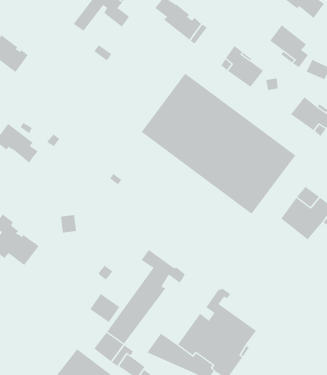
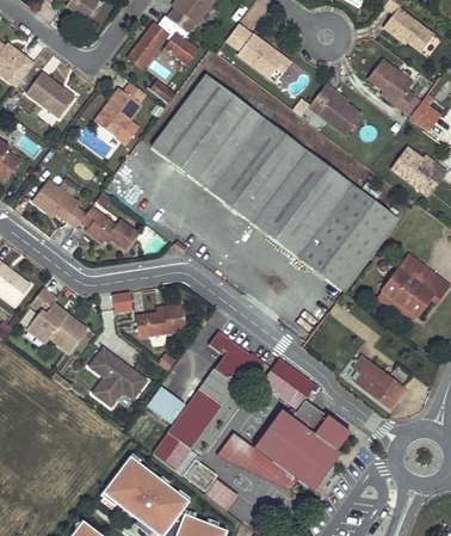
building: none -> [153,75,264,190]
building: none -> [98,84,146,146]
building: none -> [80,207,138,251]
building: none -> [134,302,183,337]
building: none -> [88,347,148,408]
building: none -> [261,357,307,402]
building: none -> [356,357,409,408]

